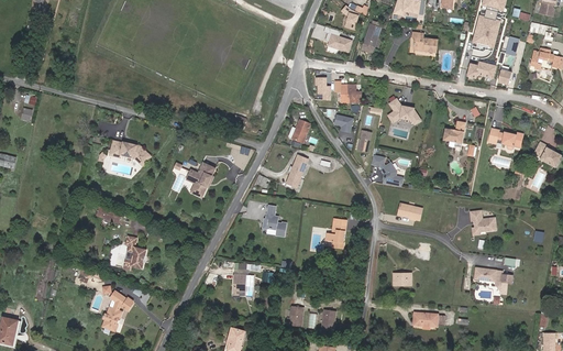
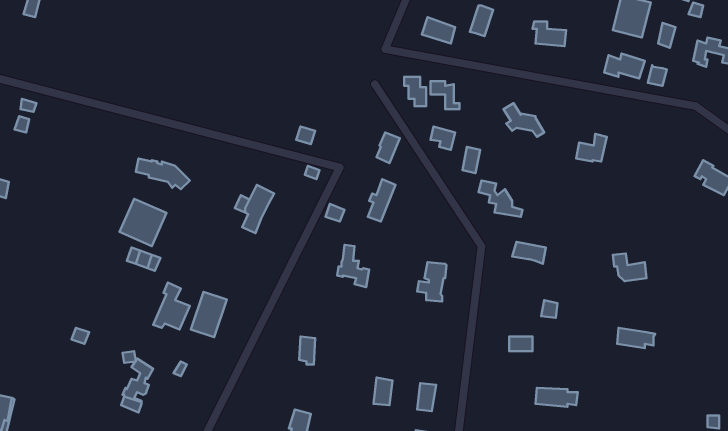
building: [489,129,525,151] -> none
building: none -> [120,199,166,246]
building: none -> [191,292,227,337]

